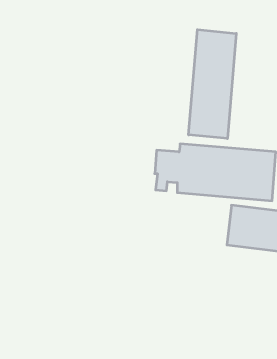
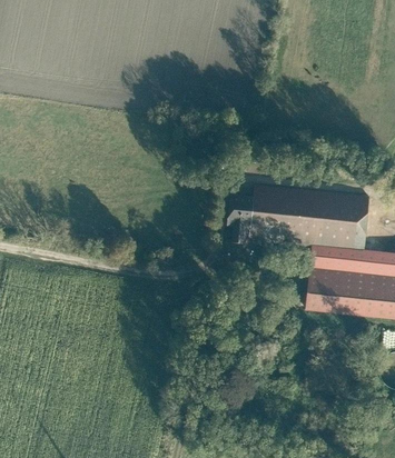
building: [189,30,236,139] -> none

